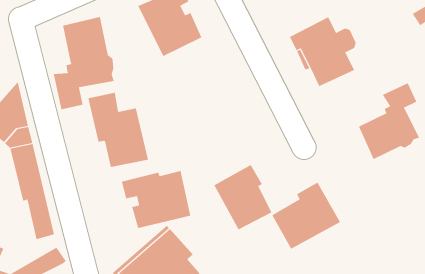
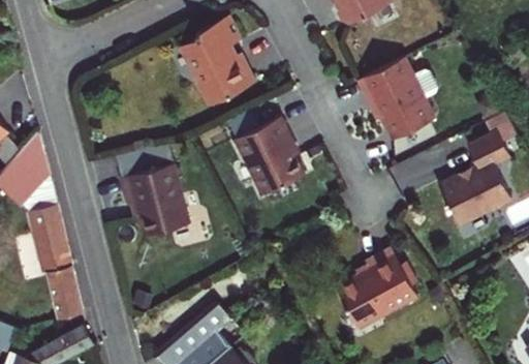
building: [53,16,114,110] -> none
building: [214,164,272,230] -> [235,115,304,192]
building: [121,170,191,229] -> none

